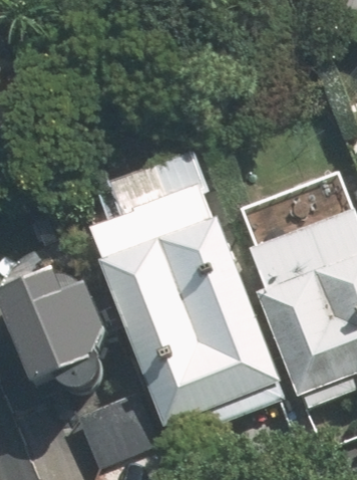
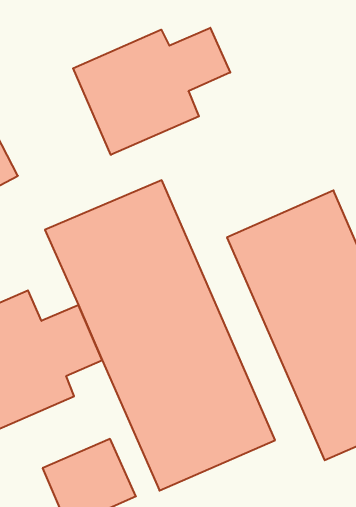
building: none -> [73,28,230,155]

